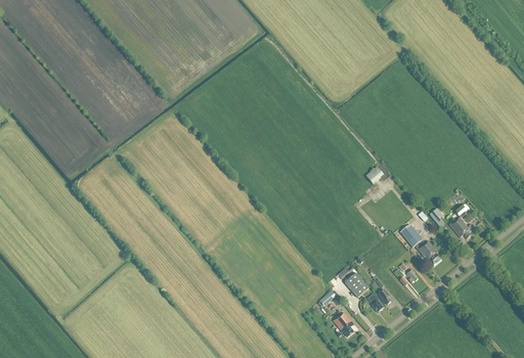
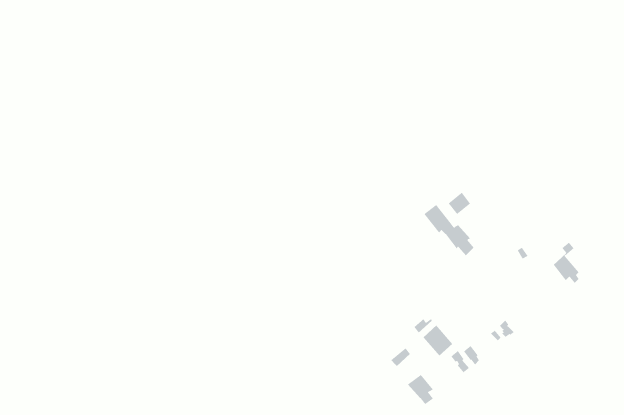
building: [399,224,440,266] -> [424,204,475,256]

